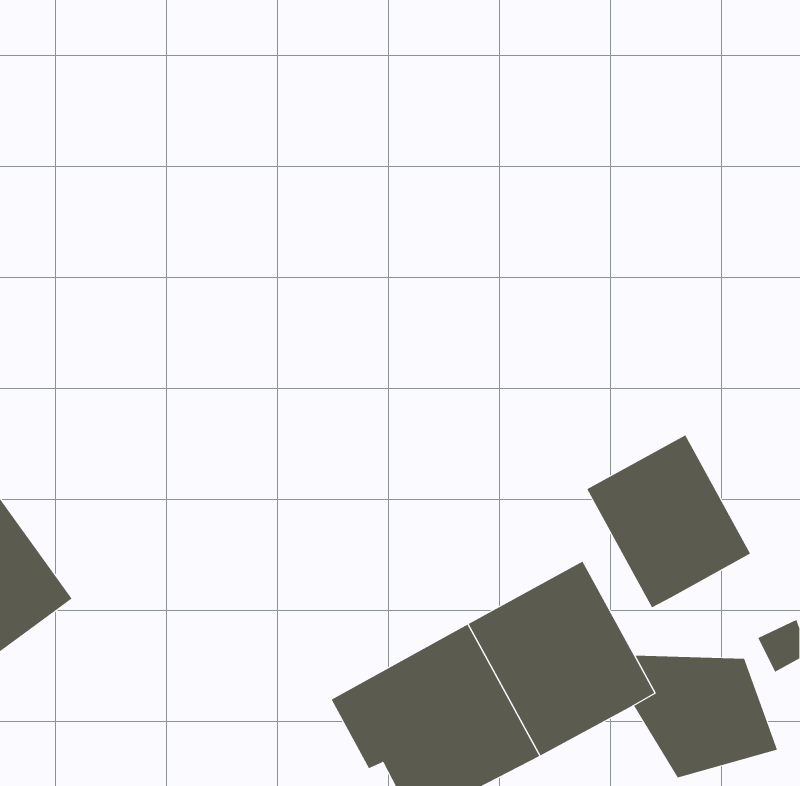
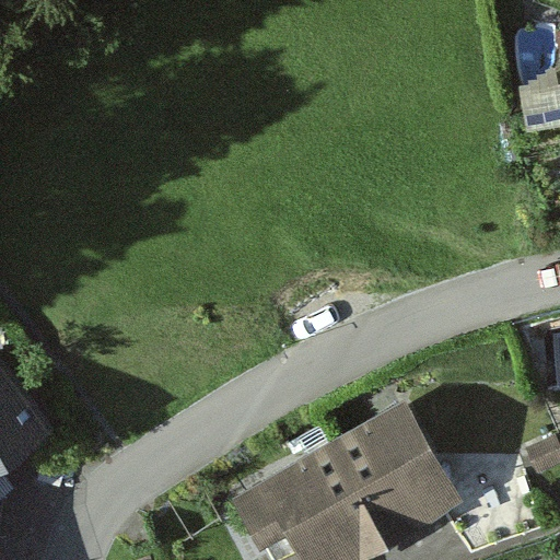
building: [587,435,751,608] -> none

